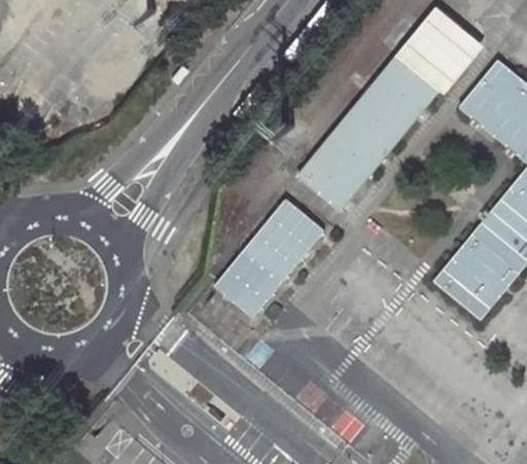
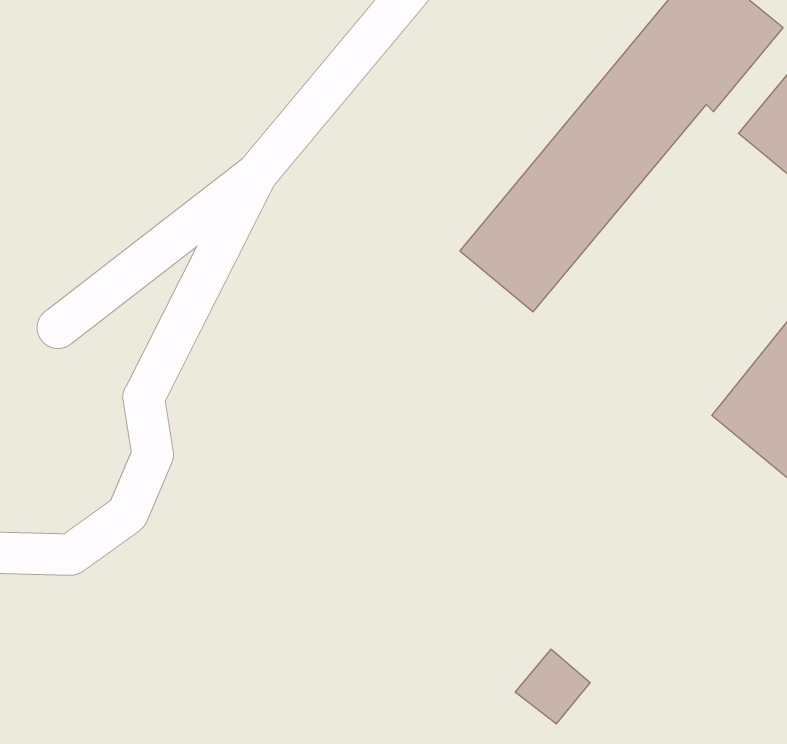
building: [213,199,324,319] -> none

